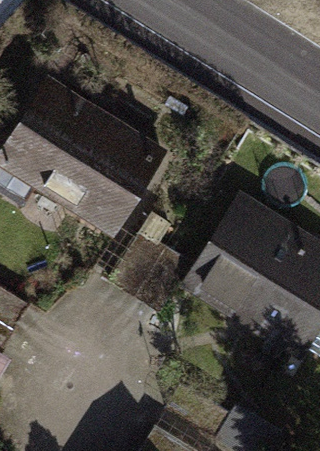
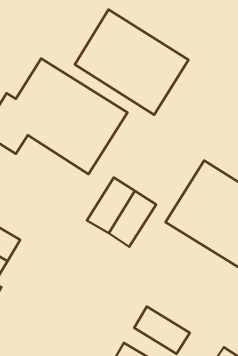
building: none -> [75,10,188,115]

